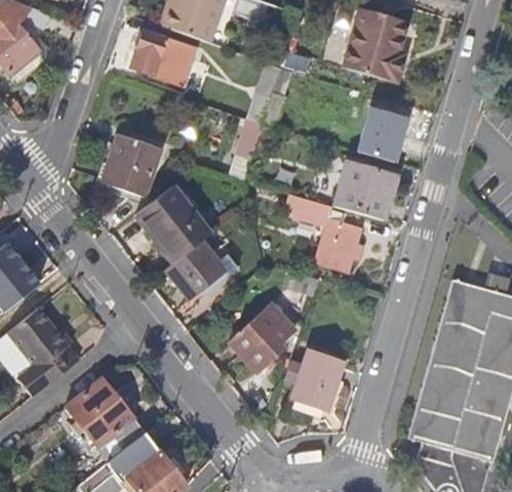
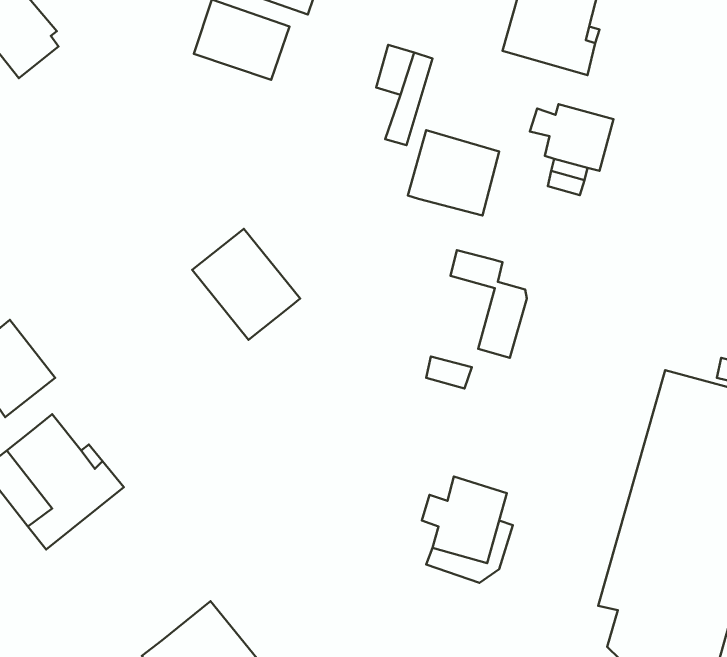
building: [102,132,162,196] -> none
building: [334,160,396,217] -> [408,130,499,215]
building: [163,236,236,296] -> none
building: [230,298,294,375] -> none
building: [68,379,145,461] -> none

